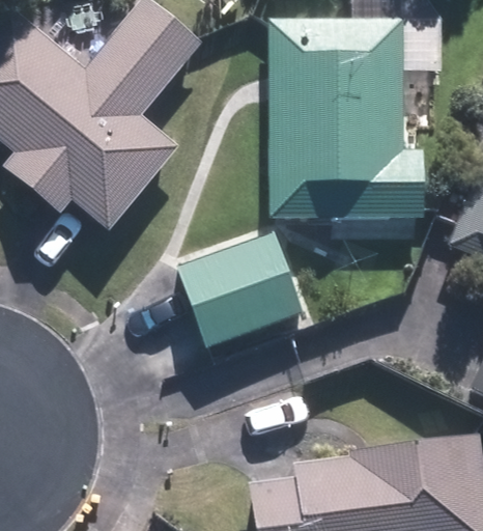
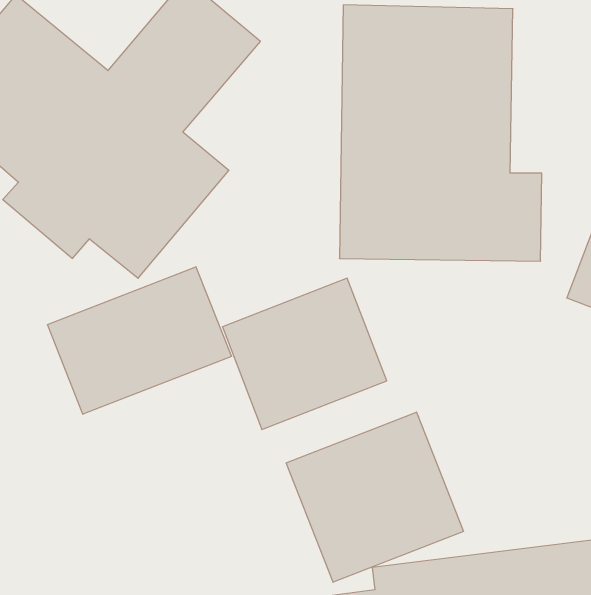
building: none -> [47,267,232,414]
building: none -> [286,412,463,582]

